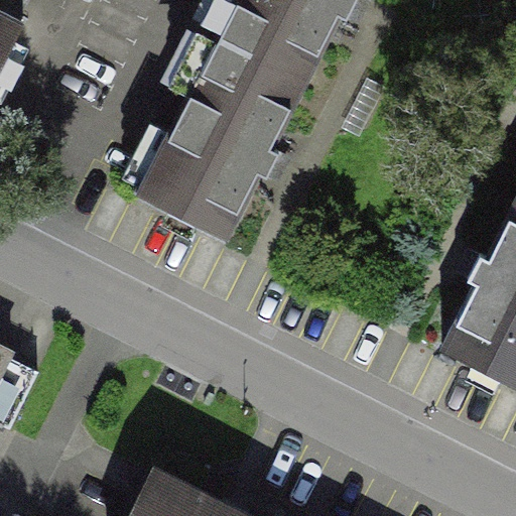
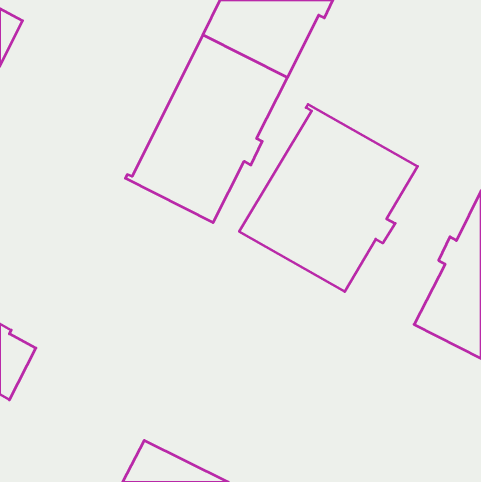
building: none -> [239,104,418,292]

